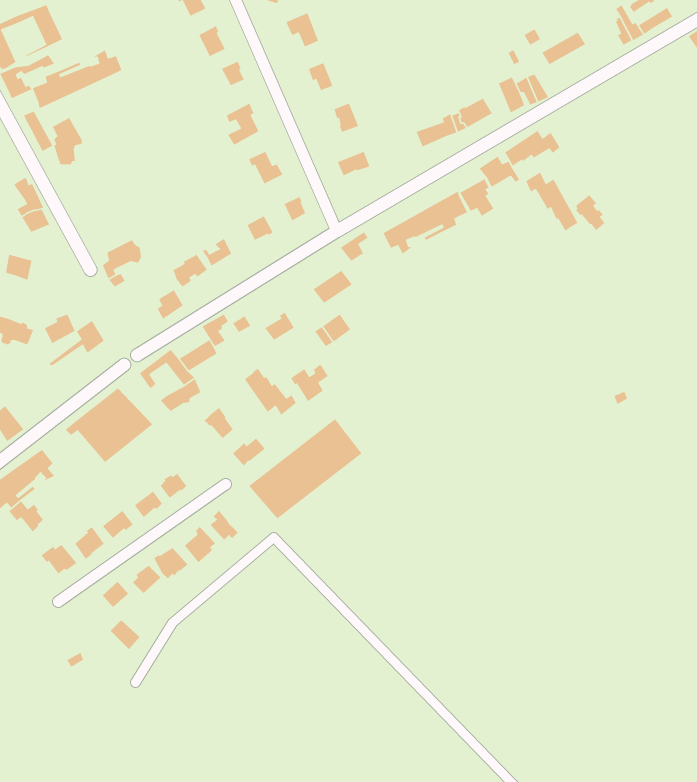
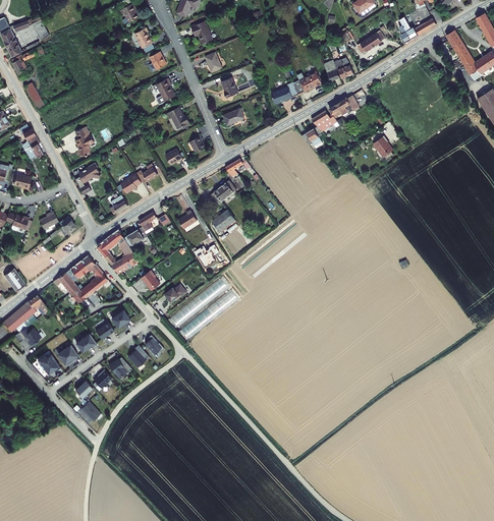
building: [32,49,123,109] -> none
building: [52,117,82,165] -> [74,126,94,157]
building: [525,171,578,232] -> none
building: [383,190,468,255] -> none
building: [244,368,297,416] -> none

